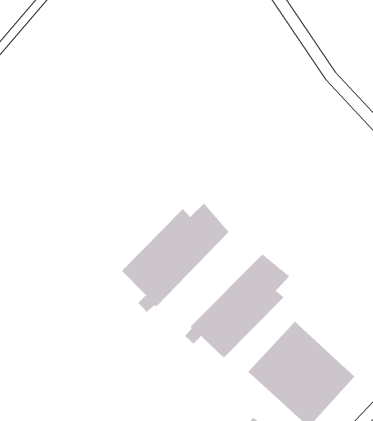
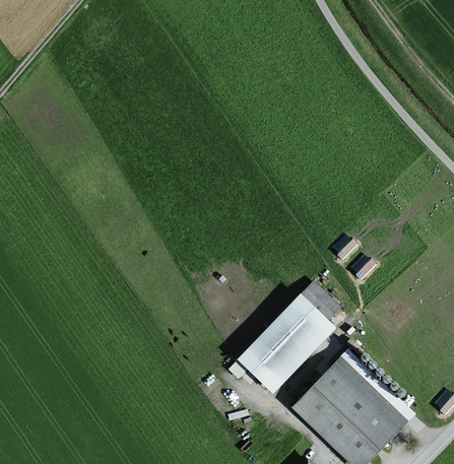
building: [121,203,229,313] -> none

